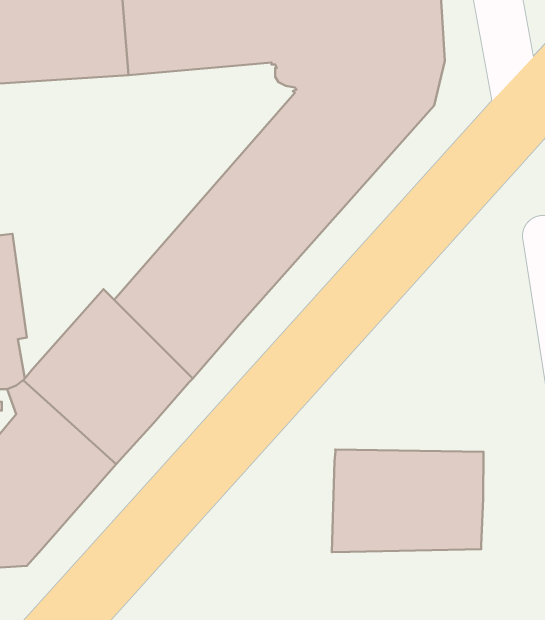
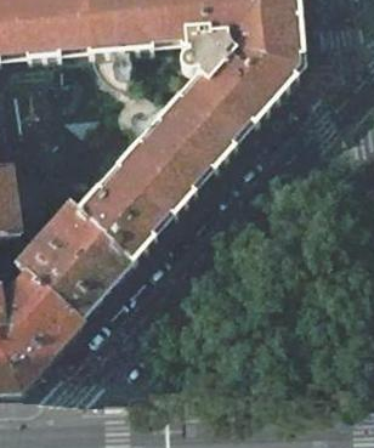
building: [332,449,483,552] -> none

